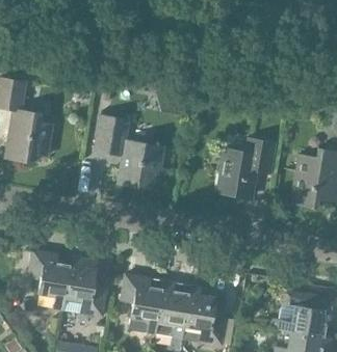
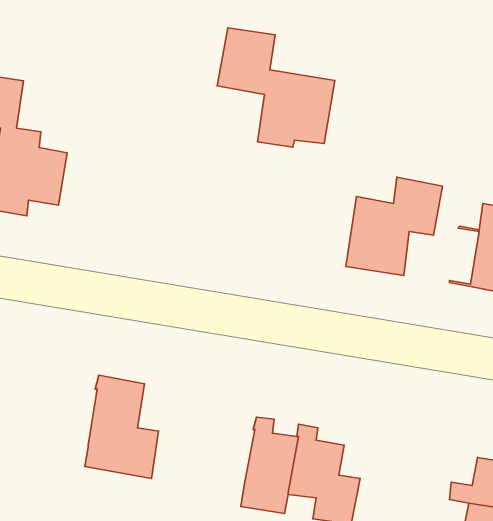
building: [93,116,162,187] -> [217,28,335,147]
building: [26,250,69,310] -> none
building: [119,274,162,334] -> none

